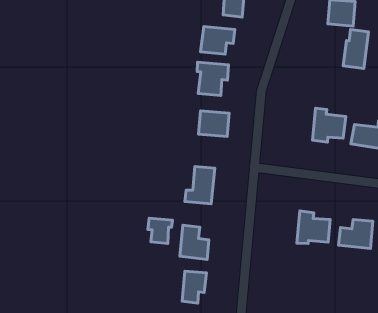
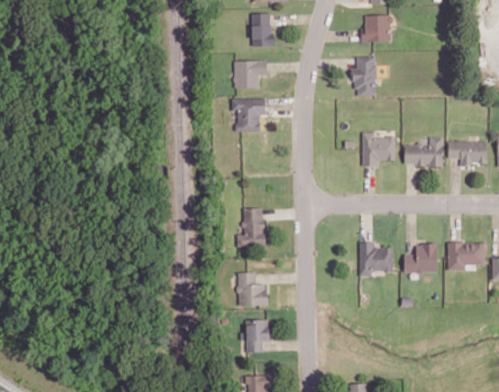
building: [343,30,368,68] -> [354,56,376,95]
building: [199,111,229,136] -> none
building: [148,218,173,243] -> none

